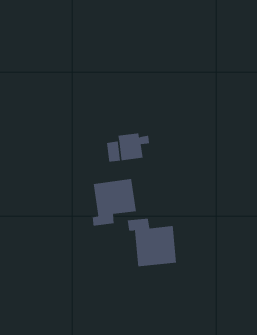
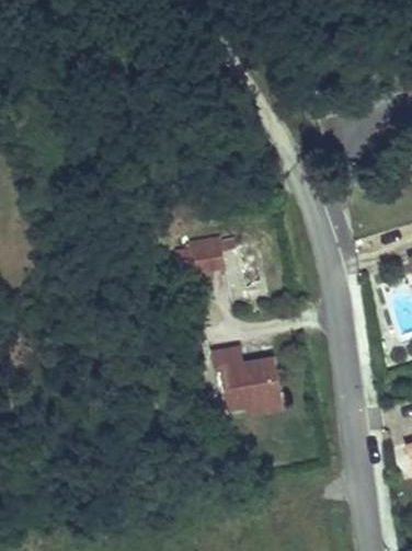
building: [92,178,137,227] -> none

